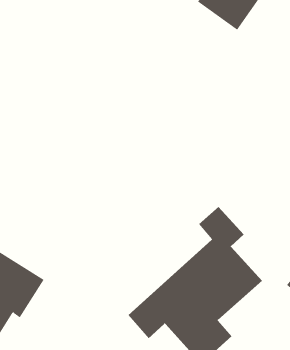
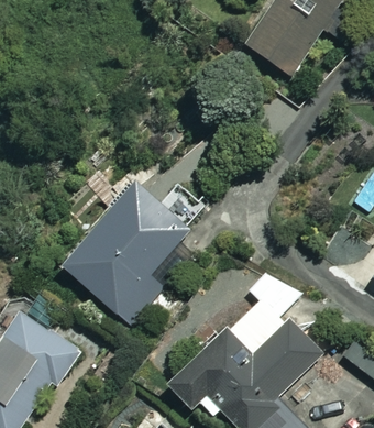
building: none -> [65,179,205,320]

